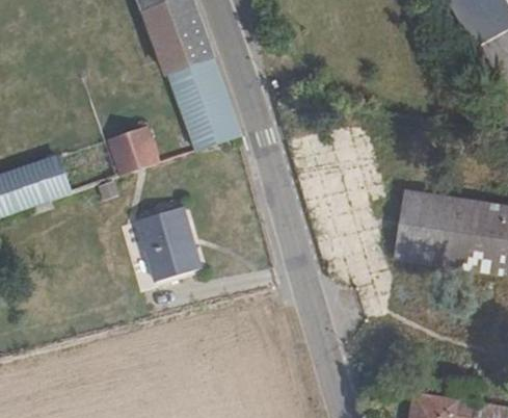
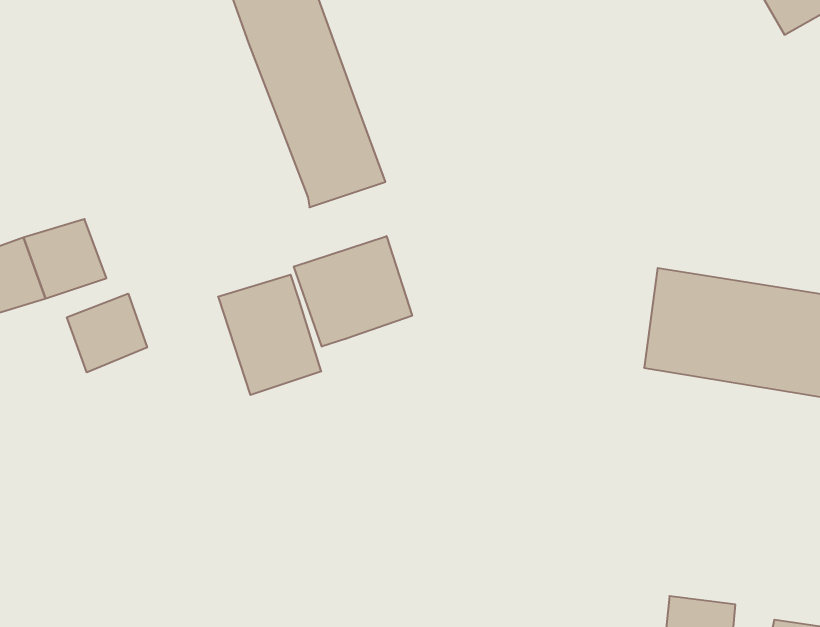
building: [107,128,158,177] -> none
building: none -> [294,236,412,347]
building: none -> [67,294,147,372]

